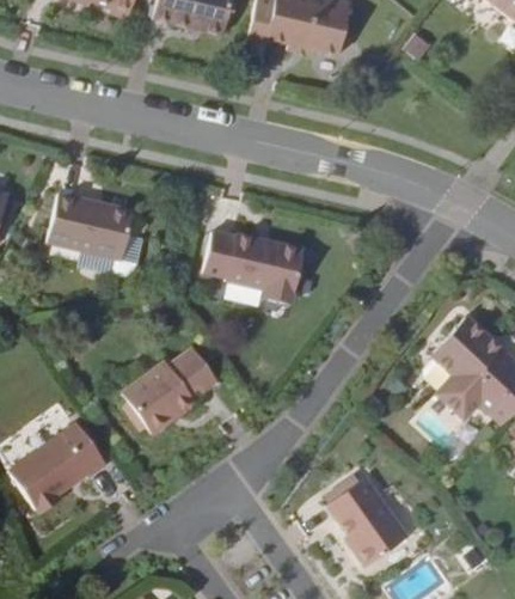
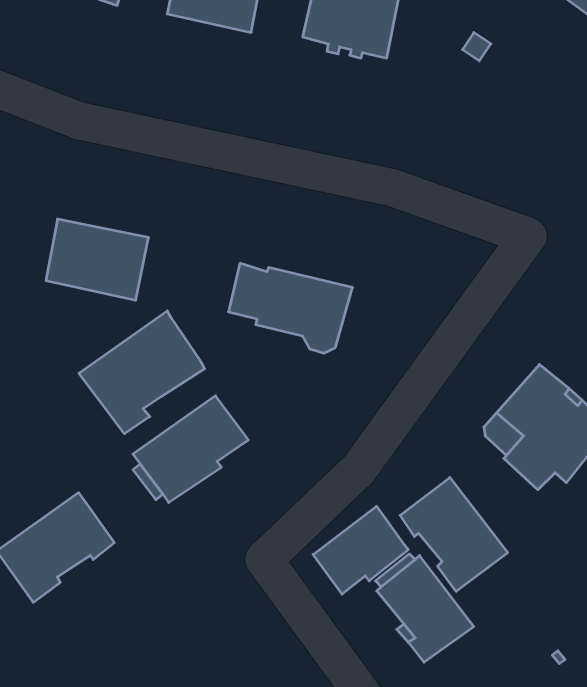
building: none -> [79,311,205,434]
building: none -> [400,477,508,591]
building: none -> [313,506,408,594]

